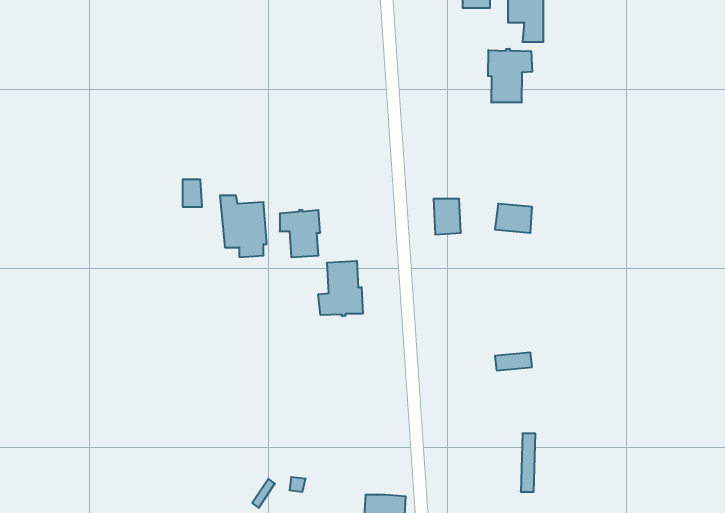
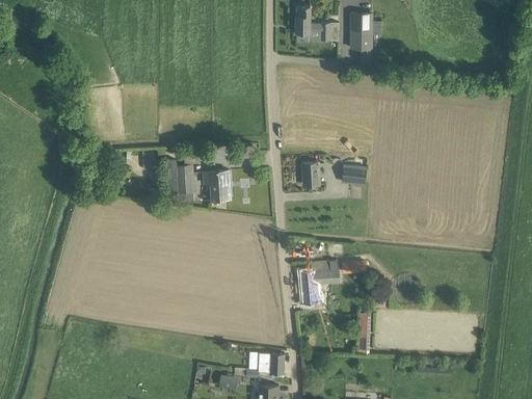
building: [488,49,532,103] -> none
building: [318,261,363,316] -> none
building: none -> [299,261,340,303]

